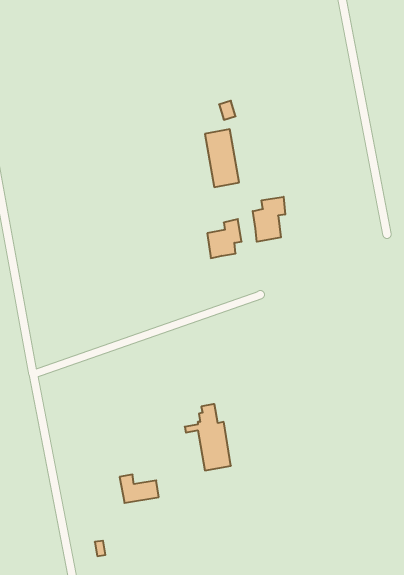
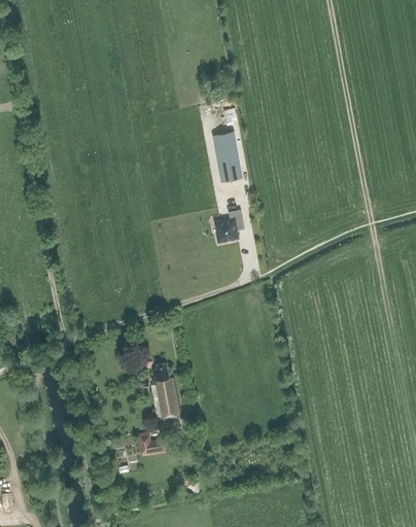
building: [253,197,285,242] -> none
building: [185,404,231,470] -> [140,362,180,420]

